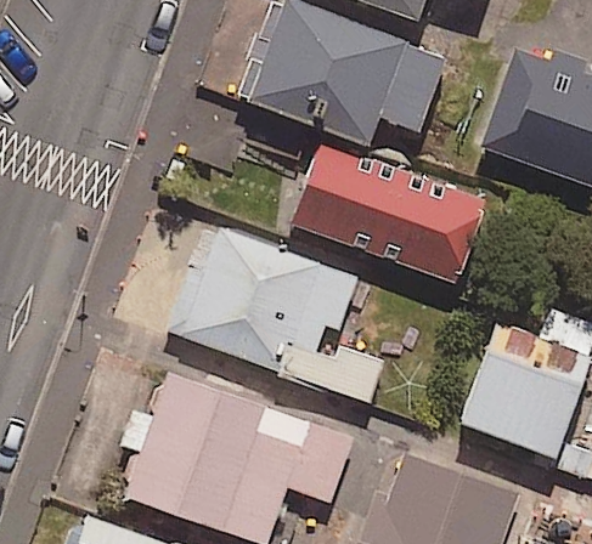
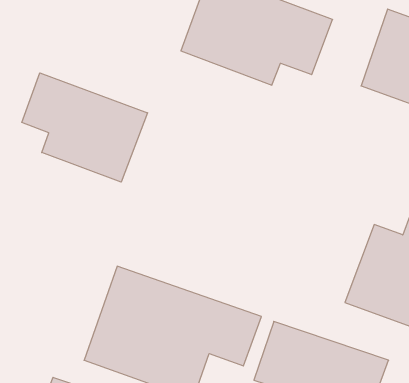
building: none -> [22,73,148,182]
building: [292,144,483,280] -> none
building: [171,226,383,404] -> none

